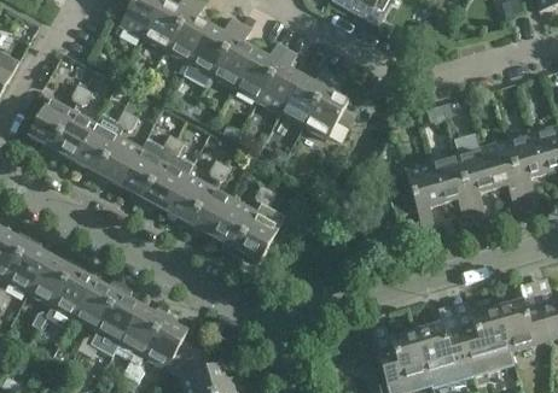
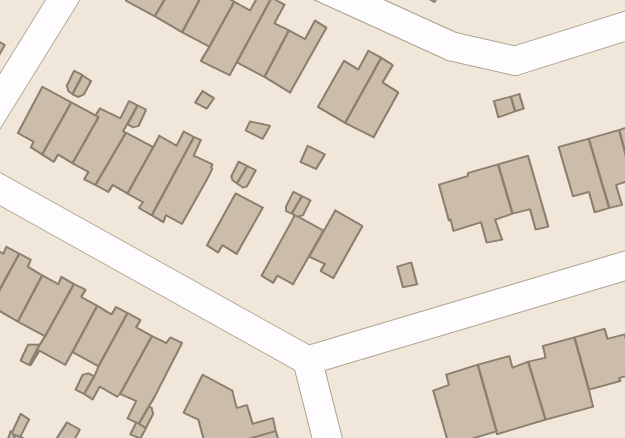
building: [258,47,303,113] -> none
building: [458,147,495,213] -> none
building: [168,172,213,229] -> none
building: [214,198,258,254] -> [309,210,362,278]
building: [145,311,188,369] -> none

